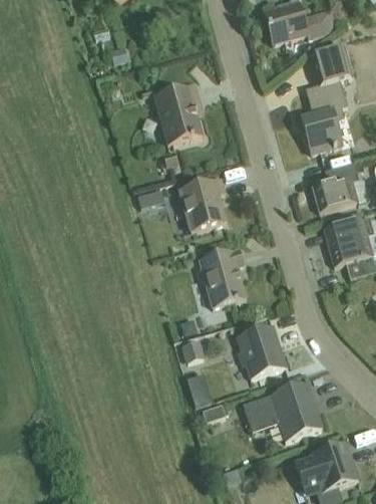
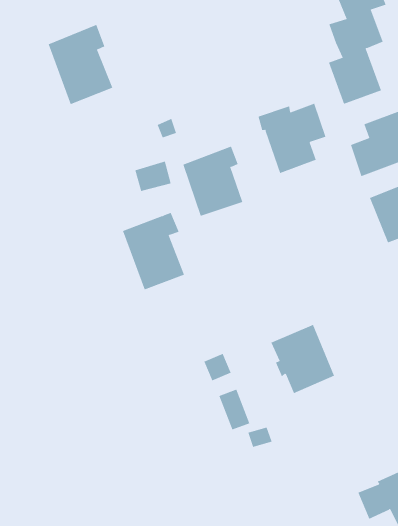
building: [153,82,202,144] -> [48,24,113,105]
building: none -> [258,103,326,174]
building: [199,247,245,306] -> [122,212,185,290]
building: [242,381,320,440] -> none

